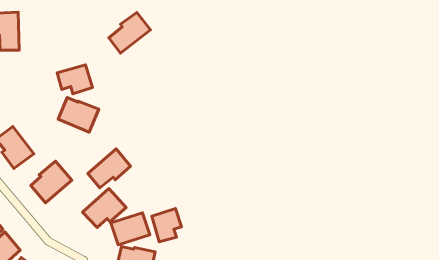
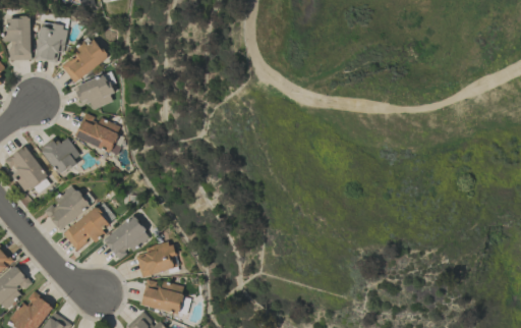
building: [109,12,150,53] -> [61,38,108,84]
building: none -> [35,22,67,63]
building: none -> [41,139,80,176]
building: [88,149,131,188] -> [63,206,111,250]
building: [152,209,182,242] -> none

